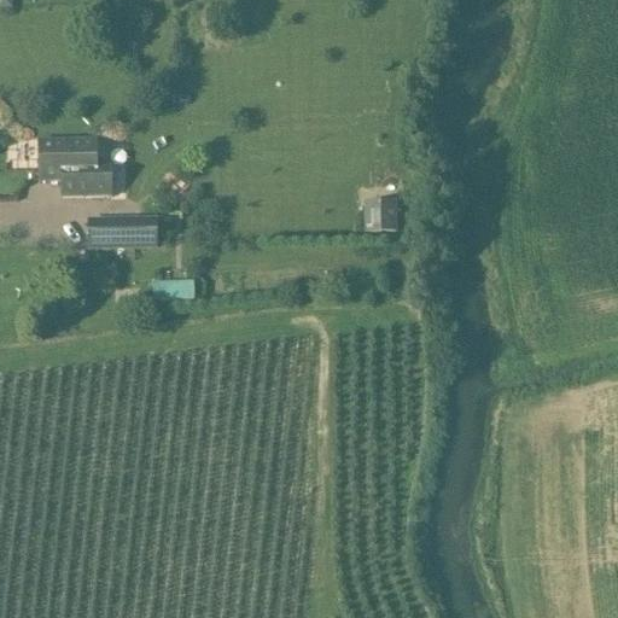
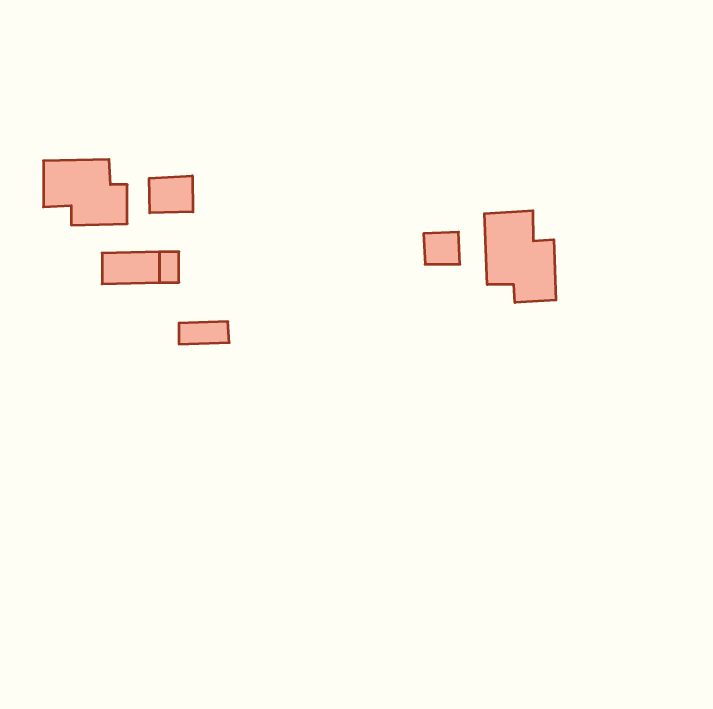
building: none -> [149,176,193,213]
building: none -> [484,211,556,303]

